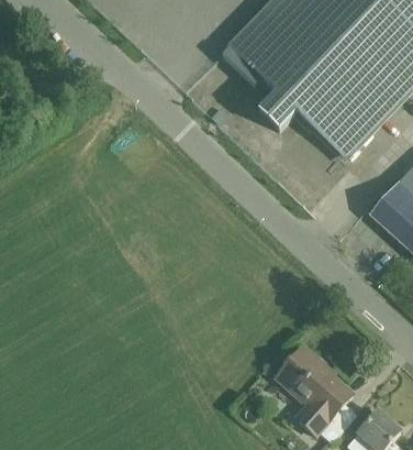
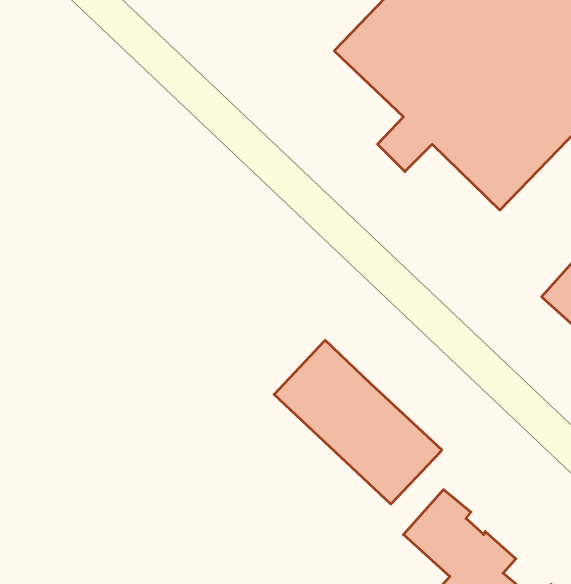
building: none -> [274,340,442,504]

